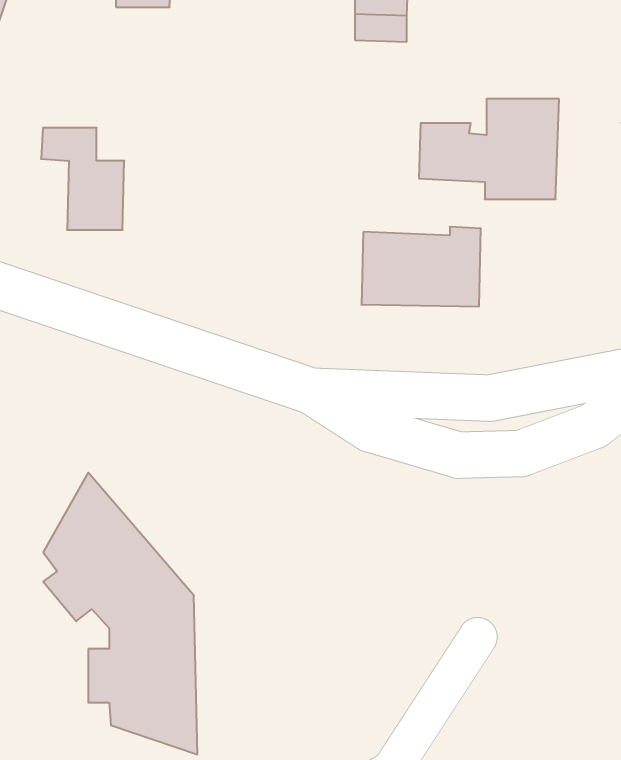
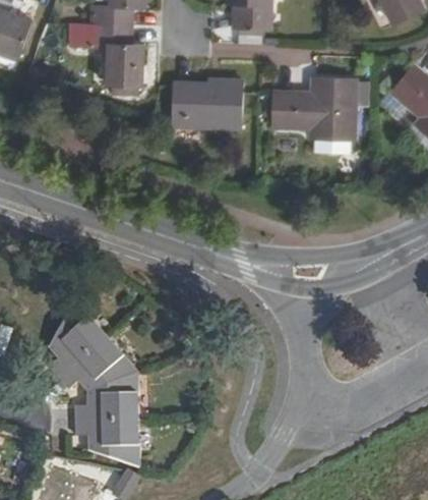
building: [41,128,124,230] -> [93,24,141,85]
building: [361,227,481,306] -> [171,79,241,126]

